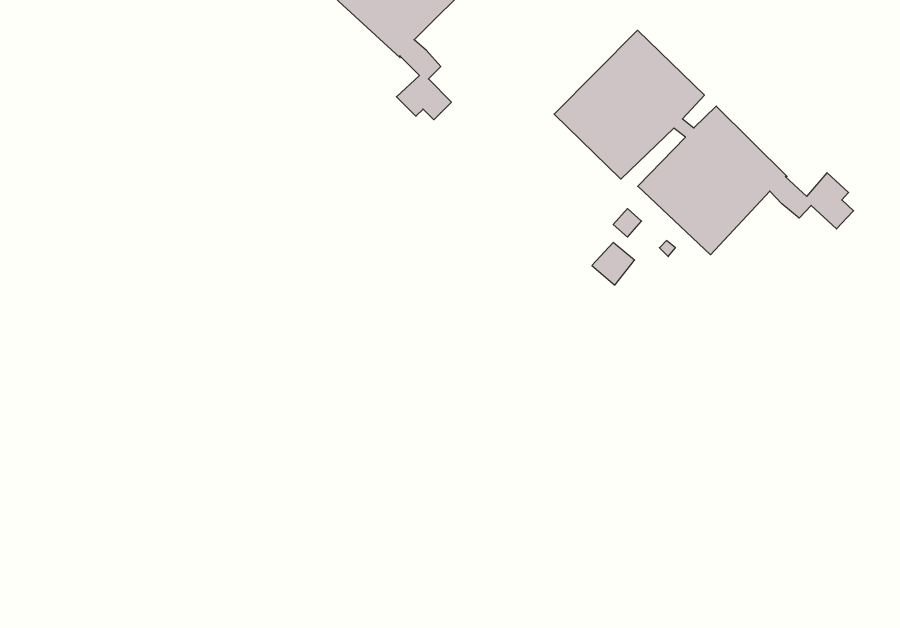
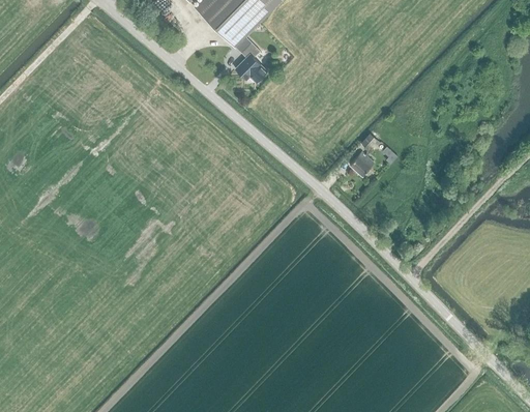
building: [554,30,854,255] -> none

